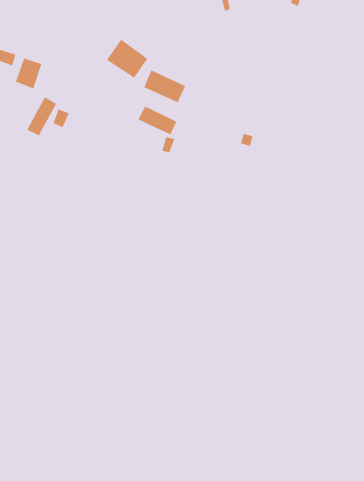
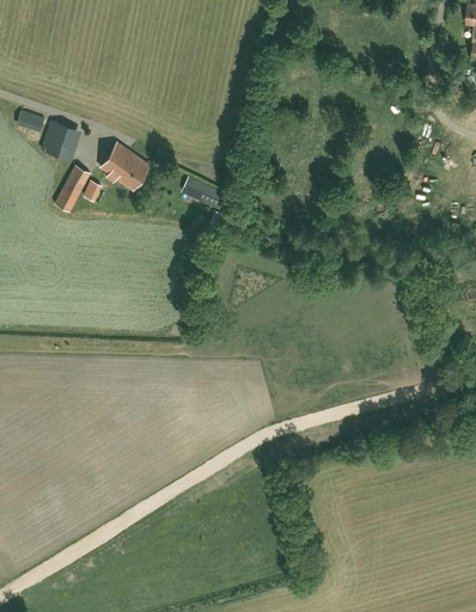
building: [106,39,148,79] -> [100,142,148,188]
building: [144,70,186,103] -> none

